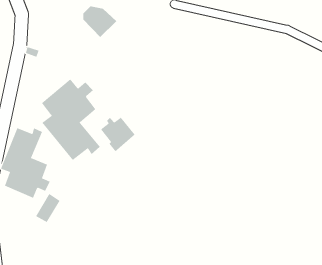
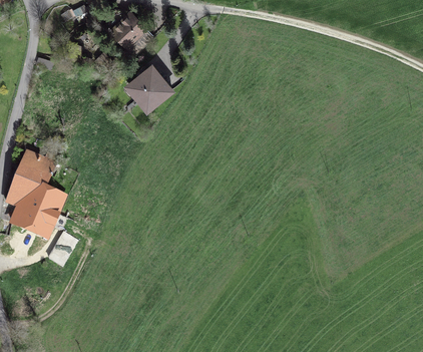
building: [41,78,100,161] -> none
building: [100,117,136,152] -> [128,67,170,109]

